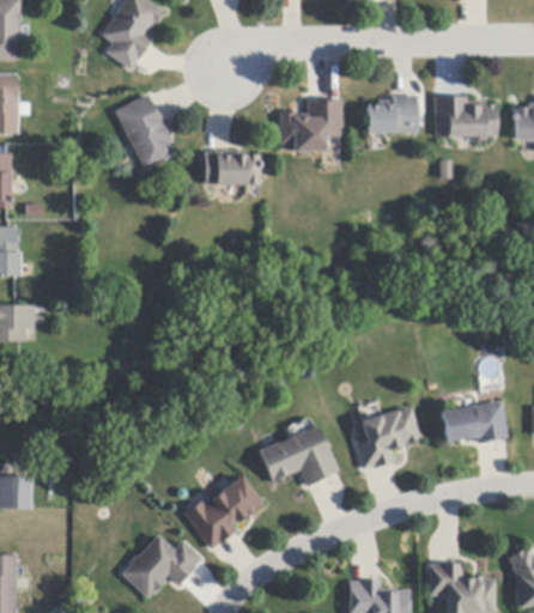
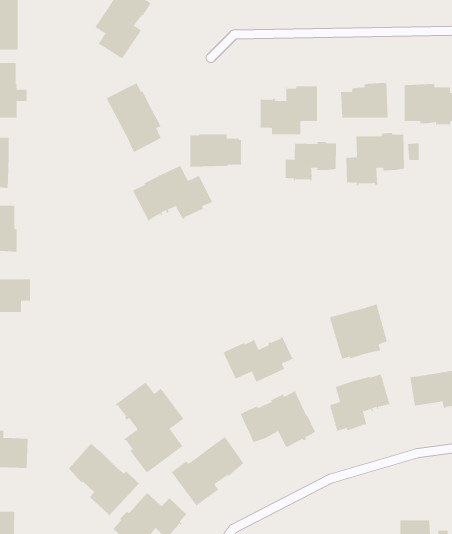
building: none -> [346,132,405,186]
building: none -> [285,141,337,181]
building: none -> [132,164,213,222]
building: none -> [329,303,387,359]
building: none -> [223,336,293,383]
building: none -> [115,381,184,474]
building: none -> [68,443,140,516]

